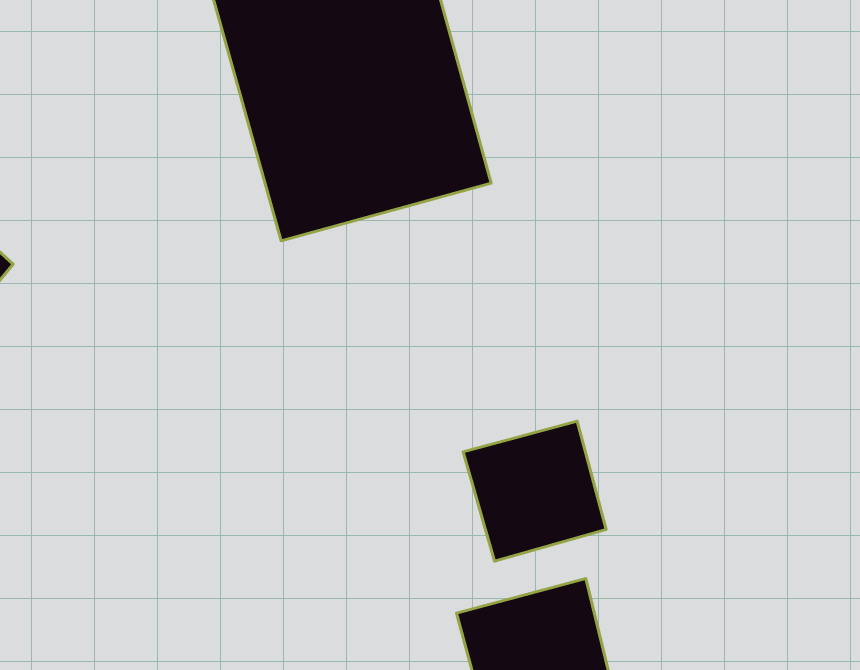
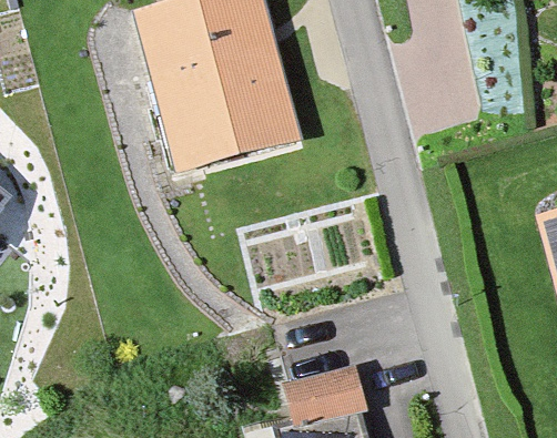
building: [463,421,606,561] -> none

